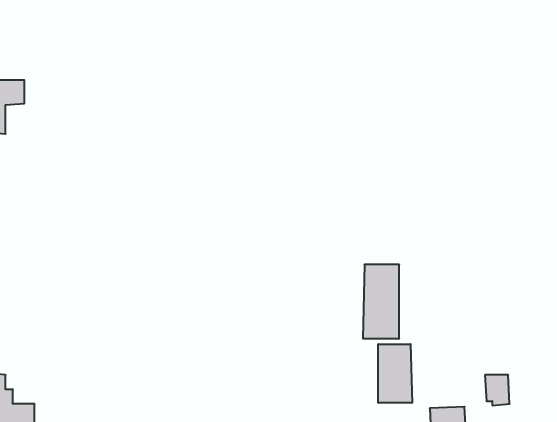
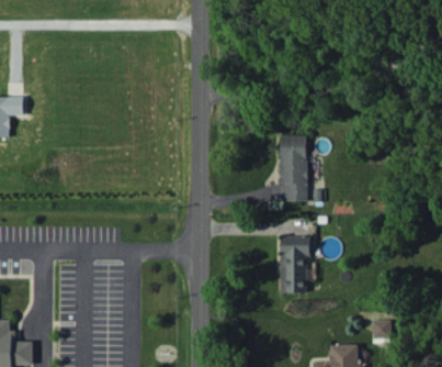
building: none -> [280,135,307,201]
building: [378,344,412,403] -> none

